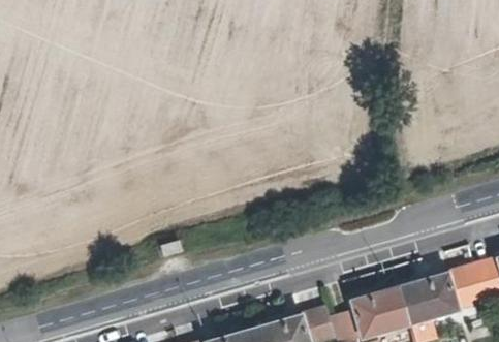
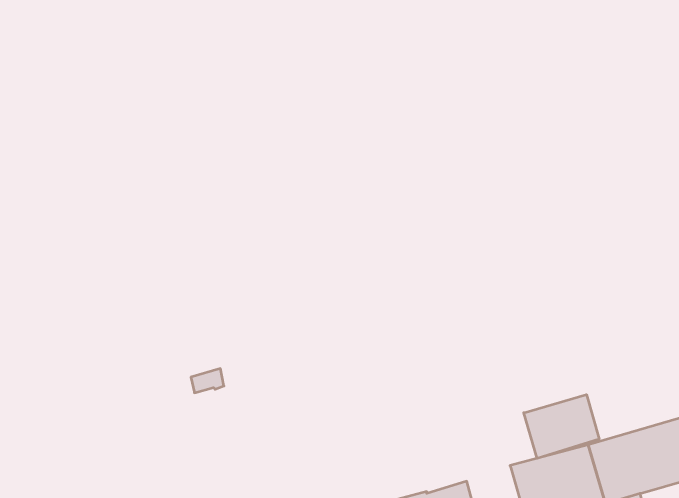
building: none -> [524,395,599,458]

